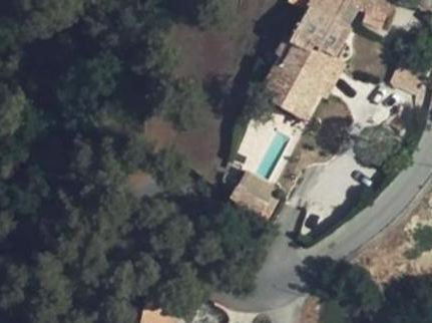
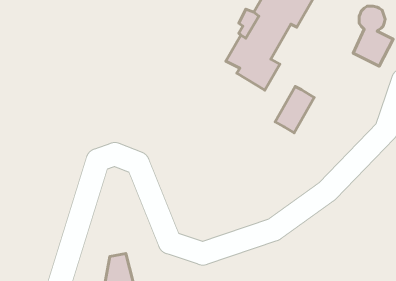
building: [306,55,345,101] -> [275,87,314,133]
building: [226,173,273,225] -> none

